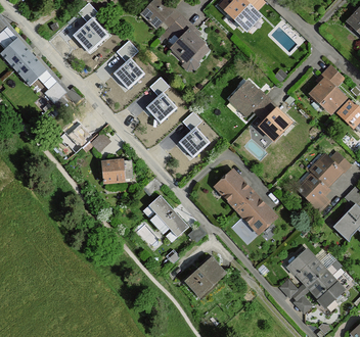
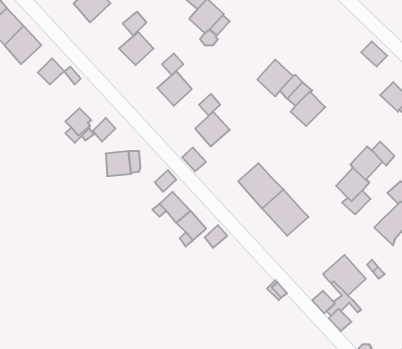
building: [311,80,344,111] -> none
building: [186,257,225,296] -> none
building: [310,270,344,306] -> none

